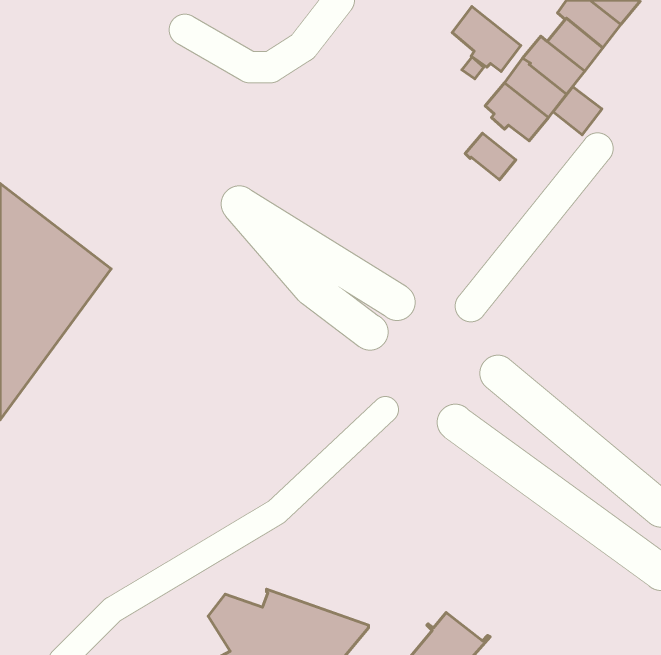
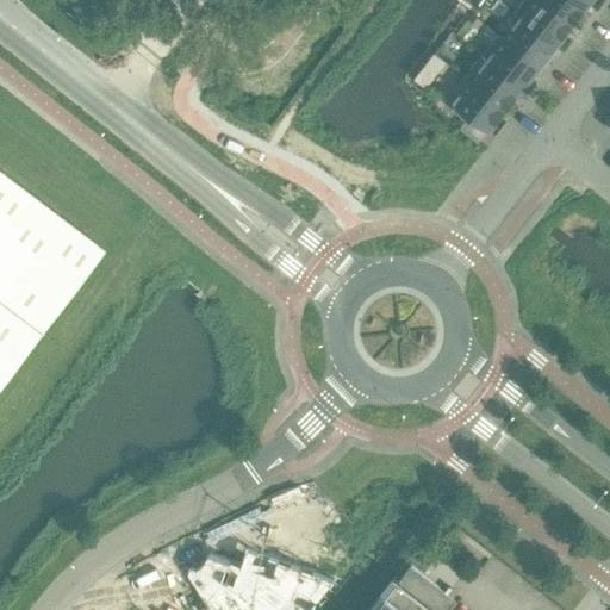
building: [452,7,521,71] -> none
building: [553,87,602,135] -> none
building: [465,133,516,180] -> none

